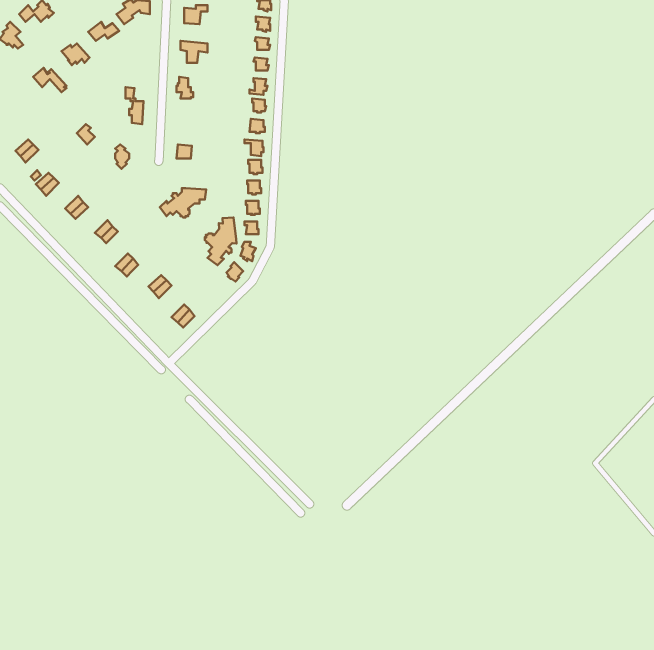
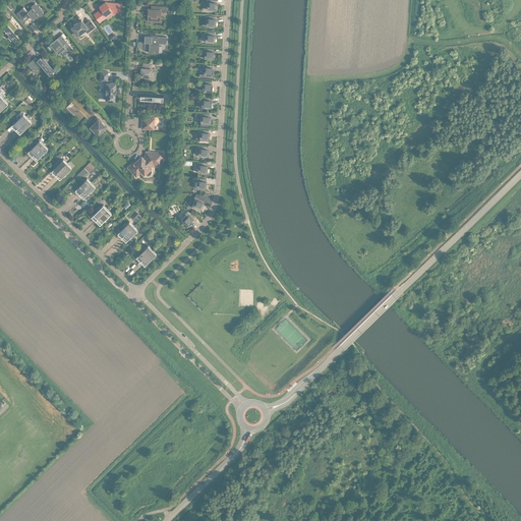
building: [205,217,236,265] -> none

